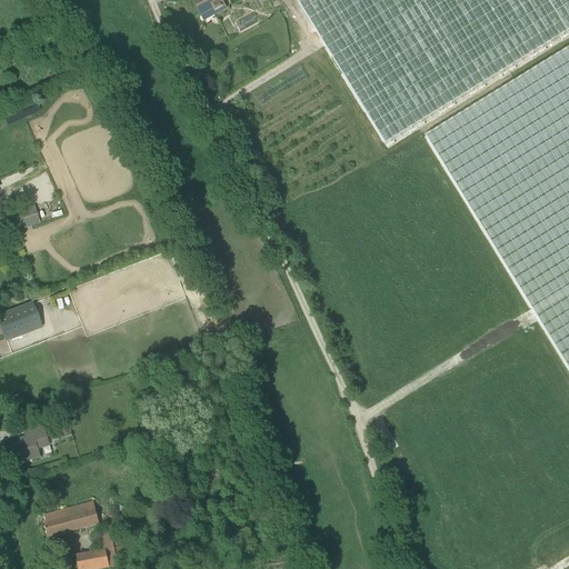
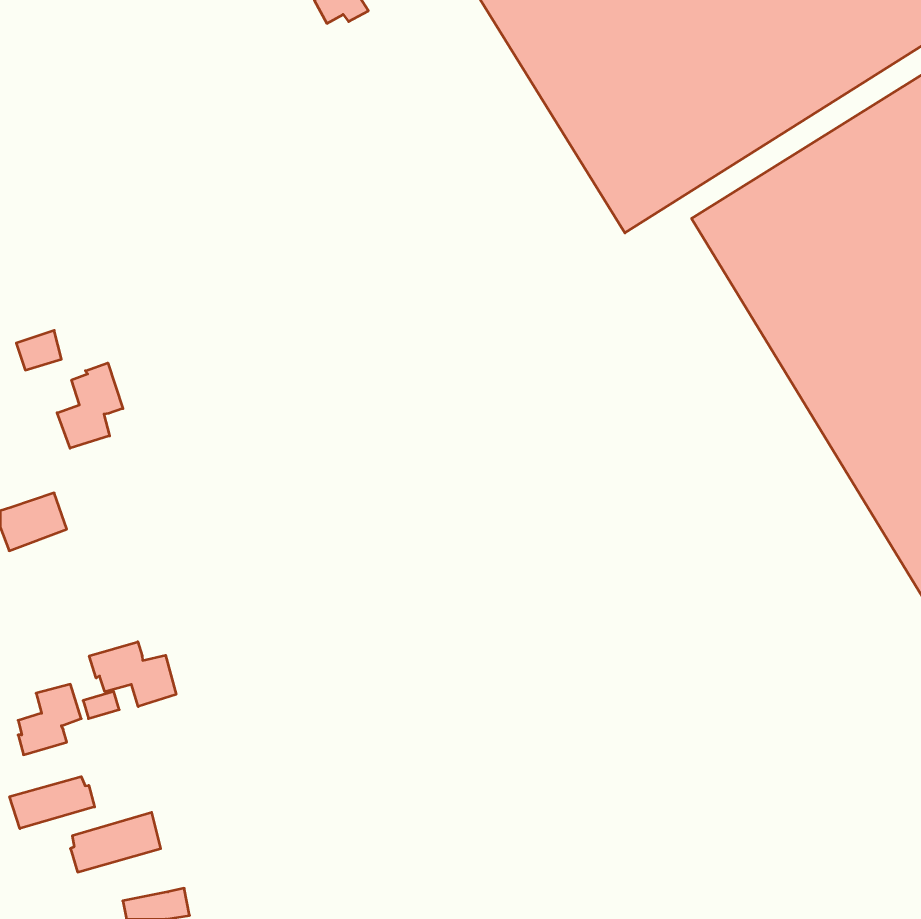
building: none -> [57,363,123,448]
building: none -> [89,642,176,707]
building: none -> [10,777,95,829]

